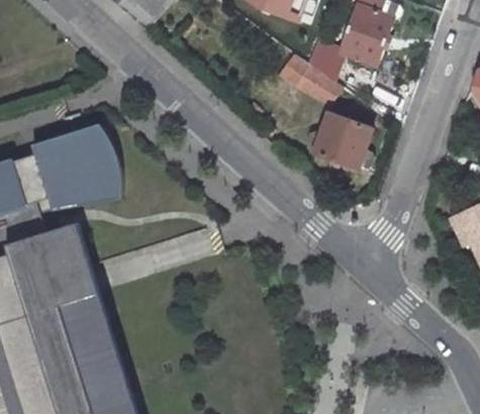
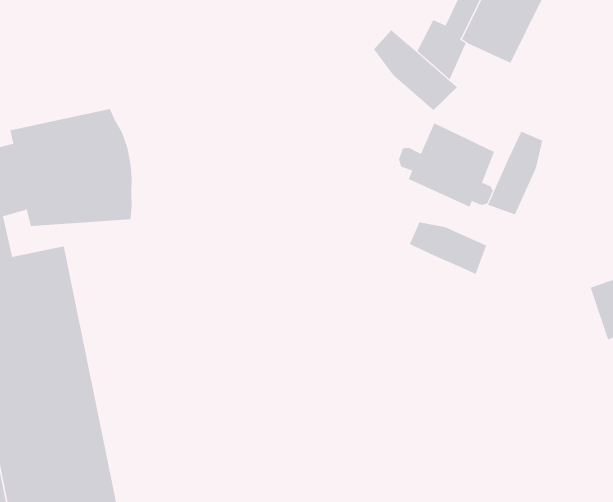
building: none -> [487,131,543,215]
building: none -> [409,221,487,275]

